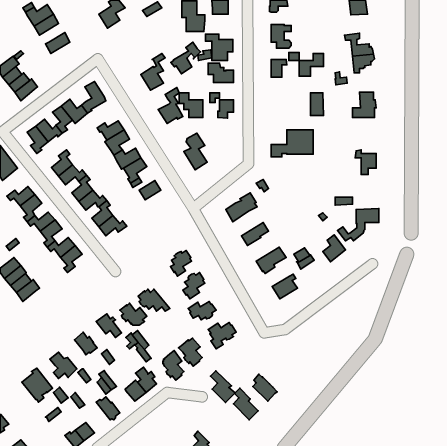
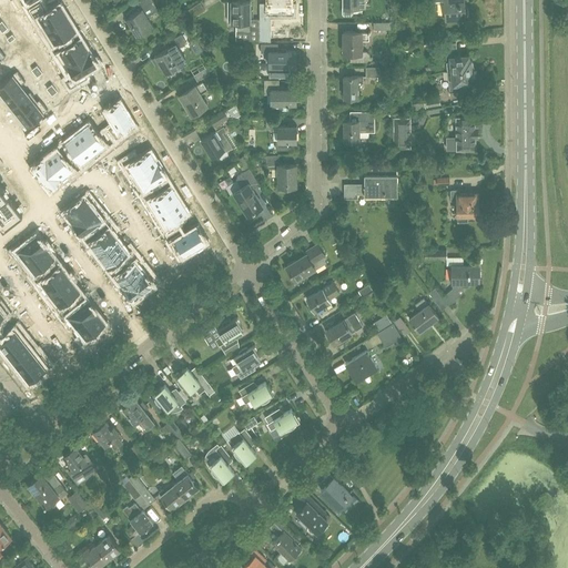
building: none -> [64,55,97,90]
building: [171,42,201,74] -> [153,36,191,75]
building: [299,53,324,76] -> [344,113,375,142]
building: [179,93,203,117] -> [266,158,296,189]
building: [211,371,235,402] -> [270,521,301,561]

